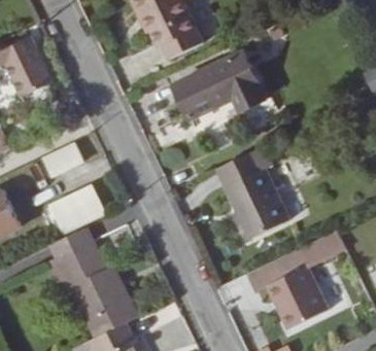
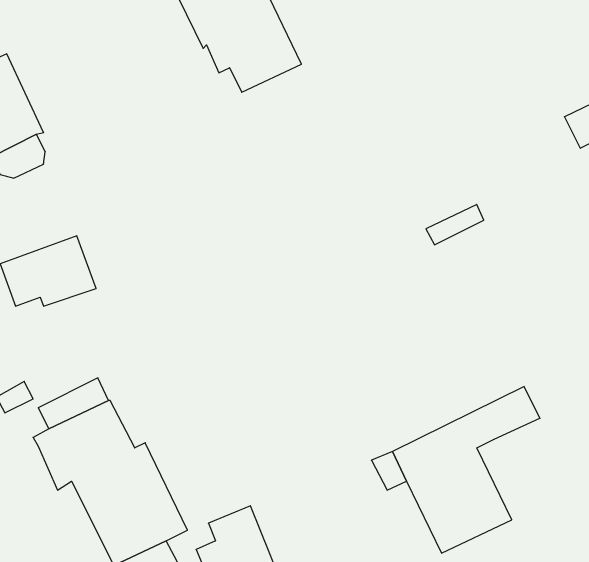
building: [172,40,271,115] -> none
building: [216,147,289,239] -> none
building: [49,184,105,234] -> none

